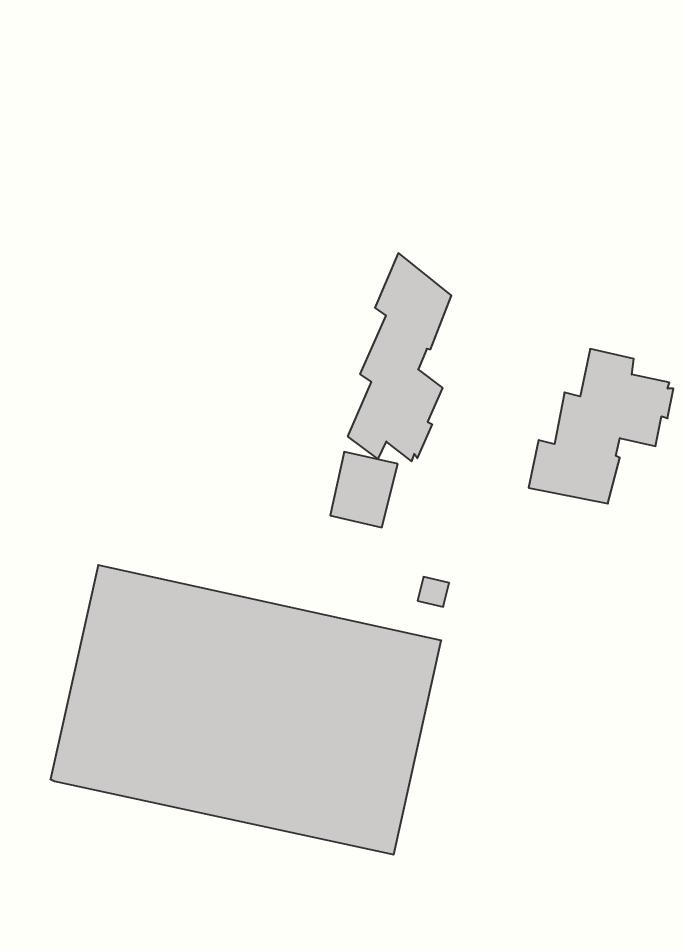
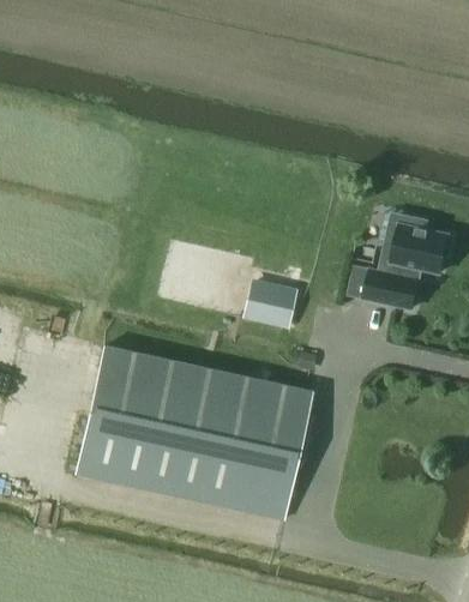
building: [348,253,451,461] -> none

